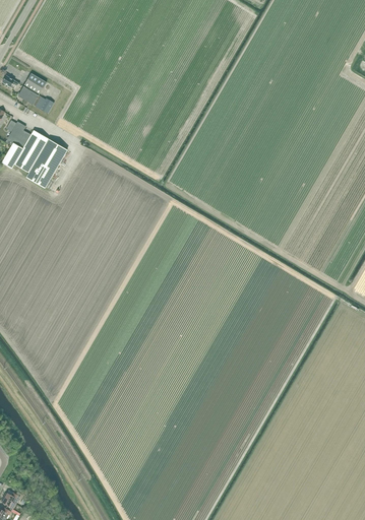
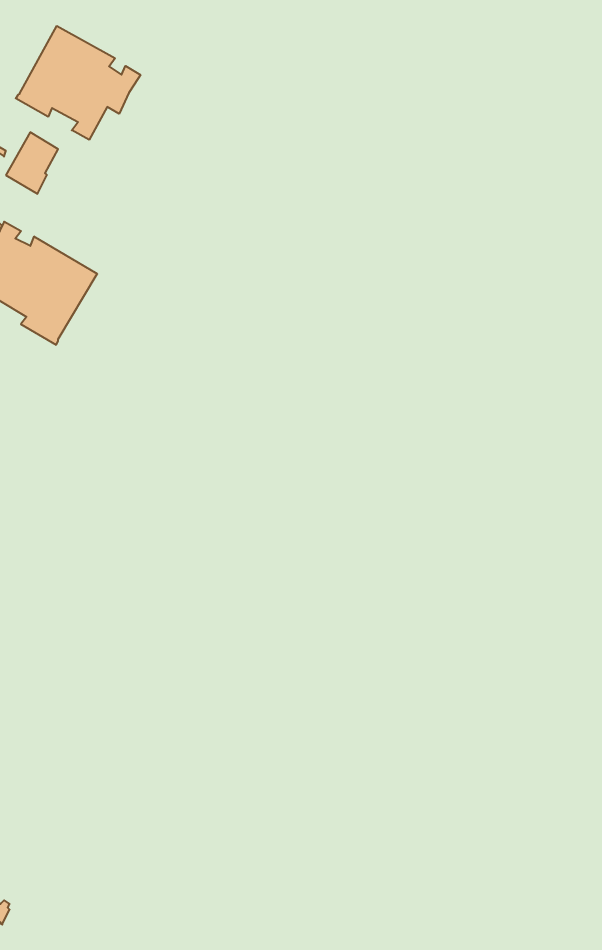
building: none -> [16,26,140,140]

